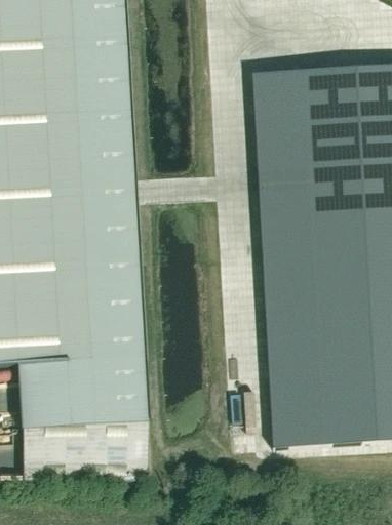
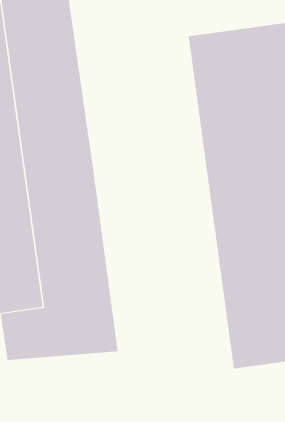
building: [24,413,149,477] -> none

